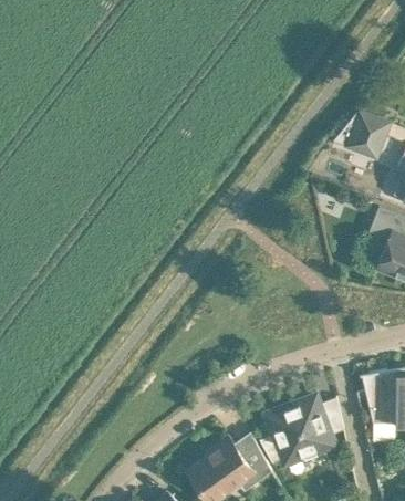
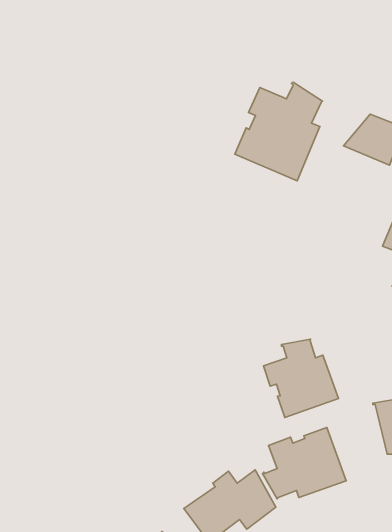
building: none -> [235,82,323,181]
building: none -> [264,339,338,418]

